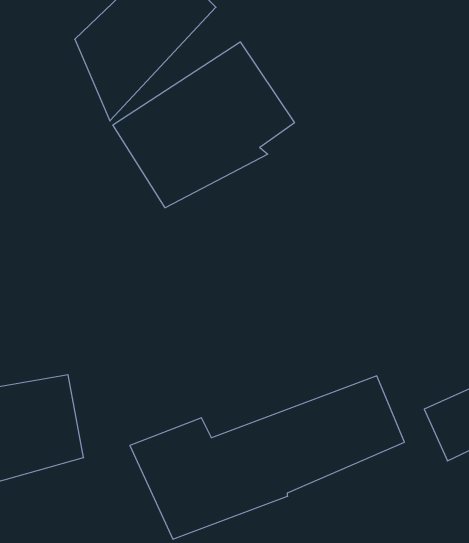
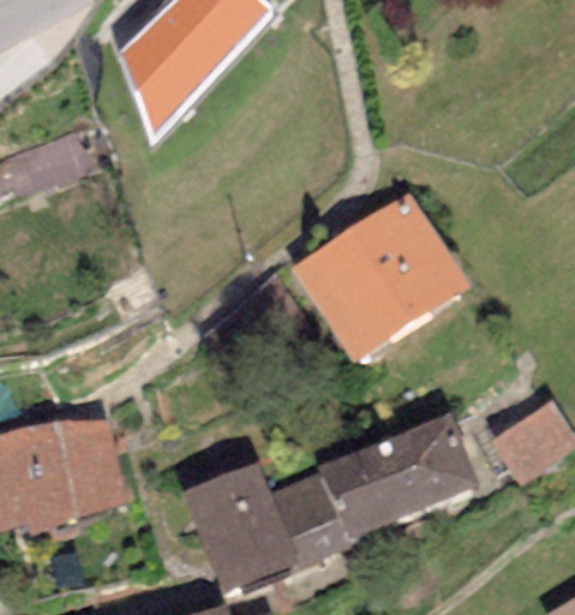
building: [113,42,294,208] -> none
building: none -> [289,189,469,363]

